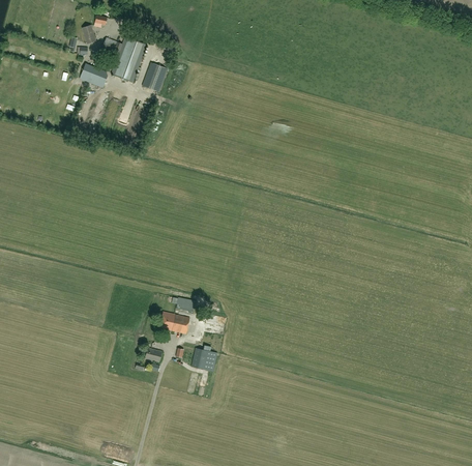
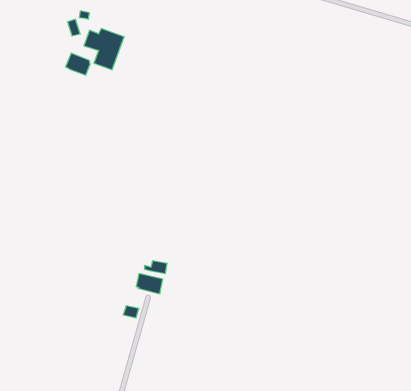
building: [142,63,168,92] -> none
building: [191,348,217,372] -> none

